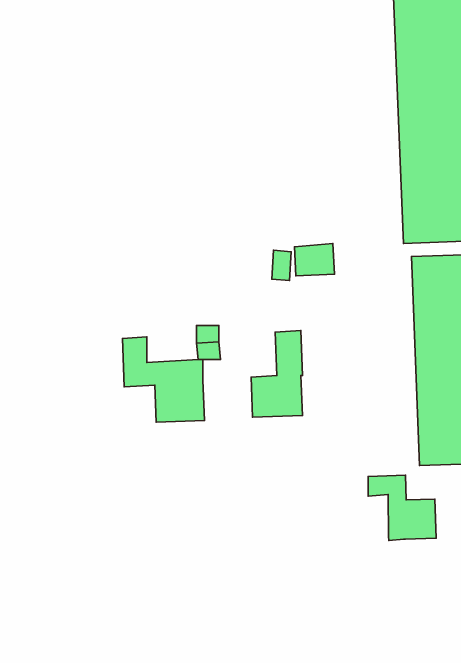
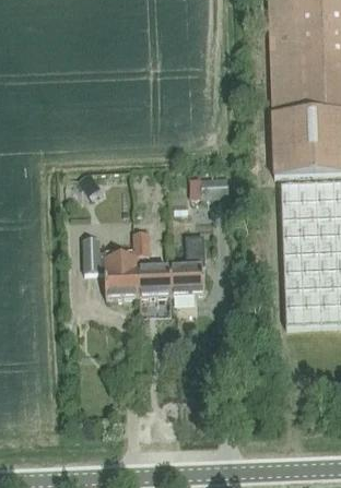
building: none -> [139,263,173,293]
building: [368,475,436,540] -> none

